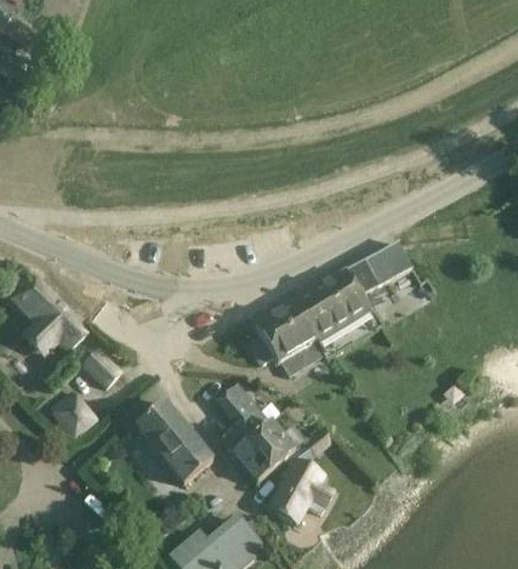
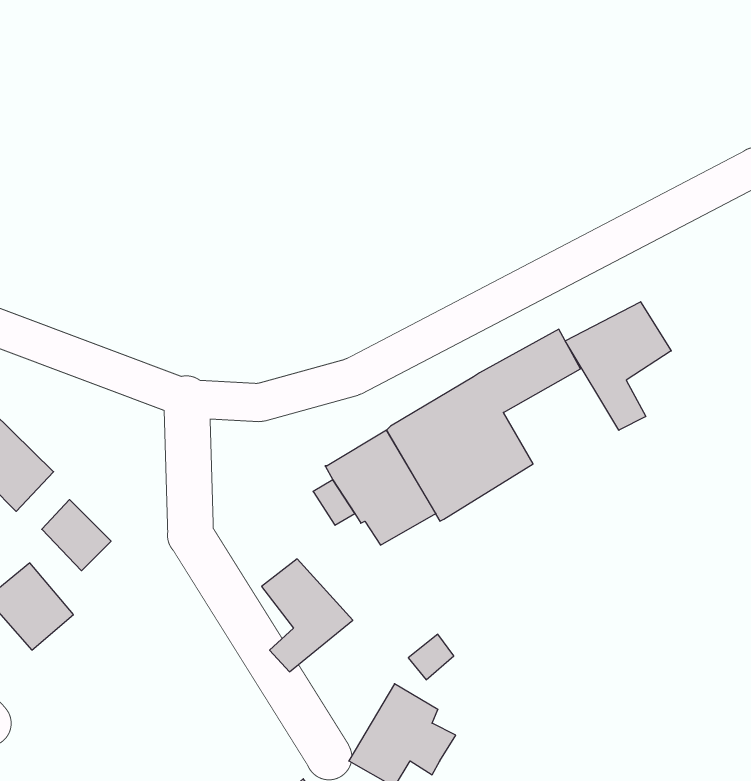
building: none -> [565,302,671,430]
building: [136,402,211,483] -> none
building: [232,421,296,483] -> none

